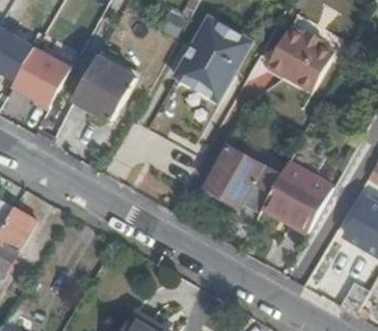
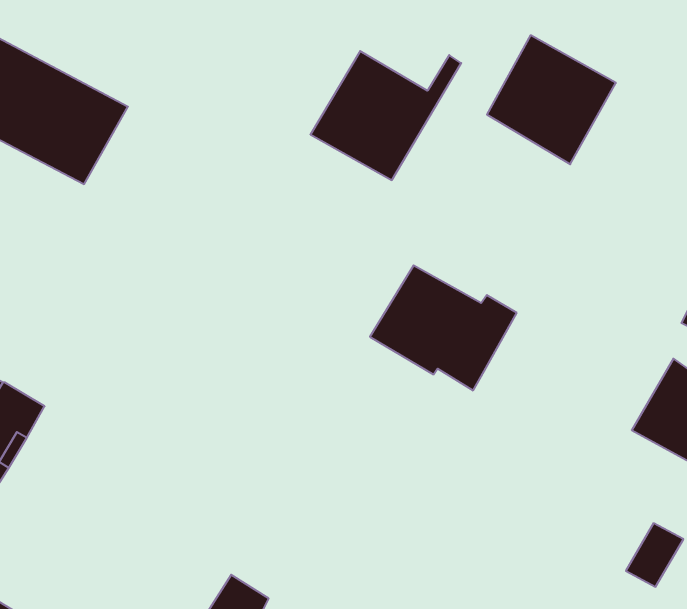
building: [198,16,245,55] -> none
building: [73,55,135,119] -> none
building: [262,164,329,232] -> none

